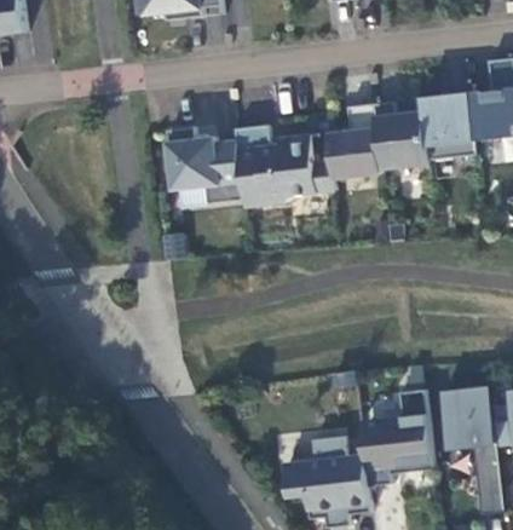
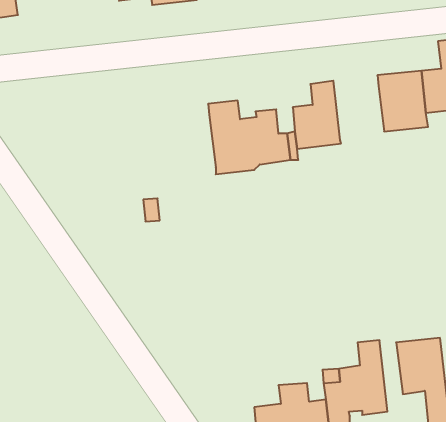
building: [373,100,428,168] -> none
building: [167,127,243,203] -> none

